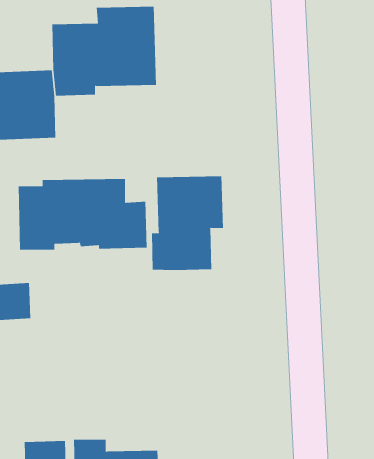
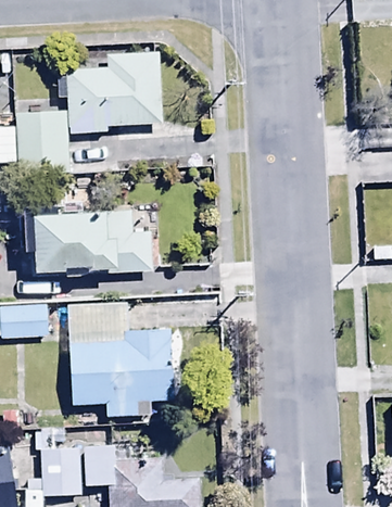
building: [151,176,224,271] -> none
building: none -> [69,306,174,415]

